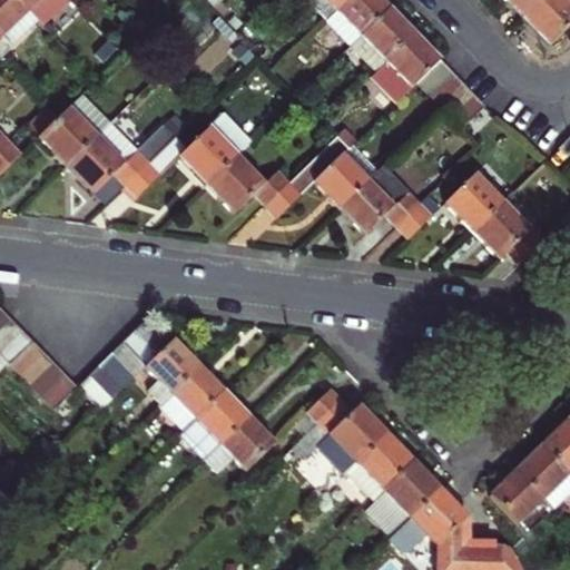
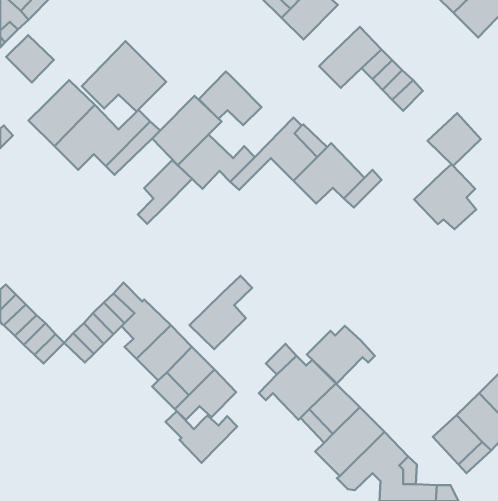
building: [350,6,413,68] -> none
building: none -> [6,35,54,82]
building: none -> [82,41,166,111]
building: none -> [199,71,262,125]
building: [445,166,505,225] -> [428,113,481,166]
building: none -> [138,160,192,224]
building: none -> [190,276,252,349]
building: none -> [307,326,375,384]
building: none -> [165,411,237,463]

